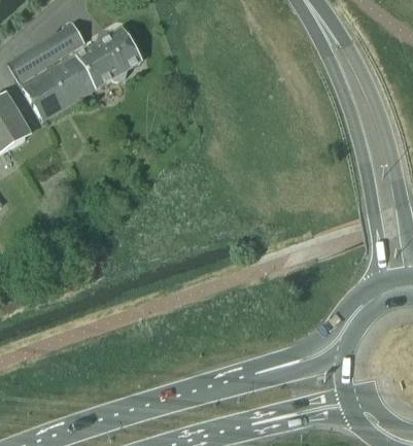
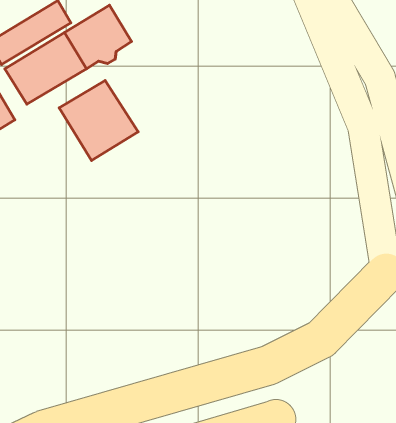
building: none -> [59,80,138,160]

